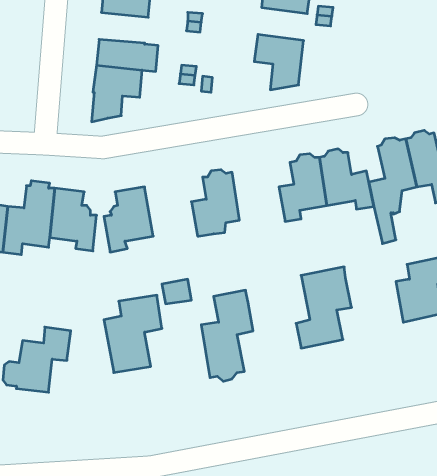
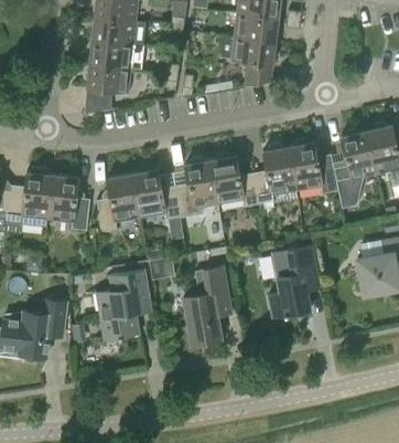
building: none -> [234,11,278,41]
building: none -> [91,15,136,43]
building: none -> [211,151,258,205]
building: none -> [132,166,183,230]

